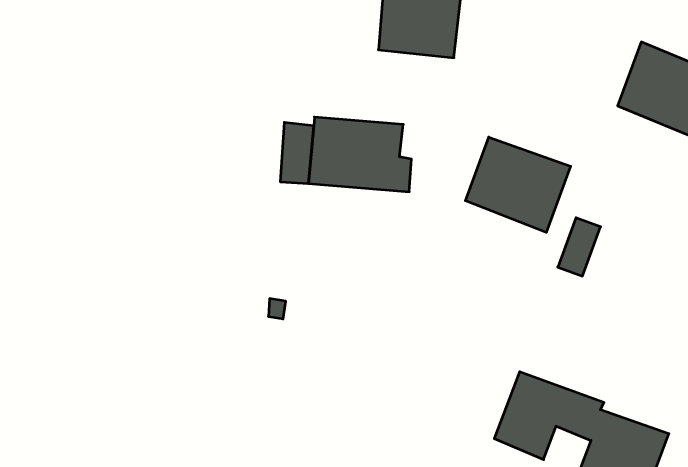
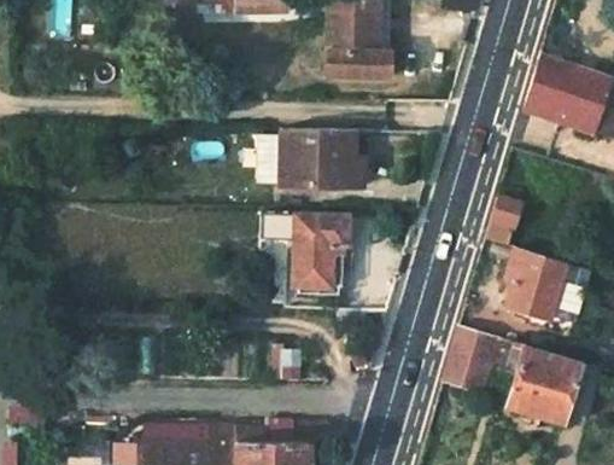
building: [465,137,571,232] -> none
building: none -> [287,216,347,296]
building: none -> [507,248,567,318]

